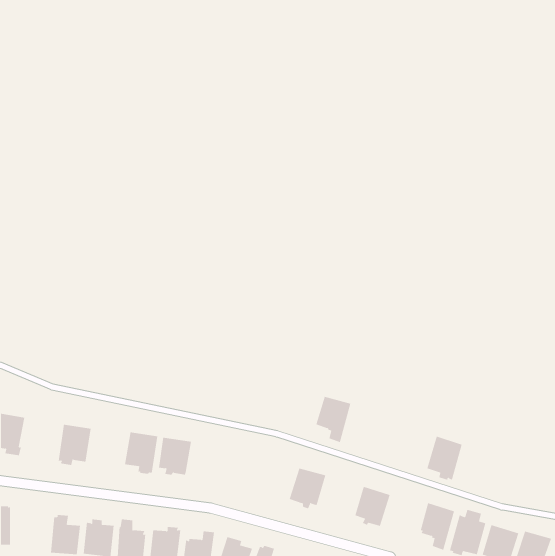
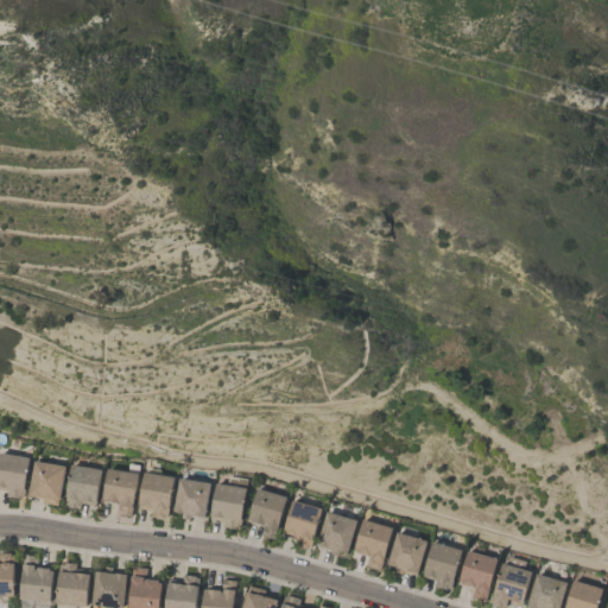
building: [315,396,351,443] -> [354,519,393,570]
building: none -> [28,460,66,506]
building: none -> [103,468,138,515]
building: [426,436,462,481] -> [423,540,462,589]
building: none -> [210,476,248,528]
building: none -> [249,487,287,538]
building: none -> [283,499,323,547]
building: none -> [20,555,53,601]

